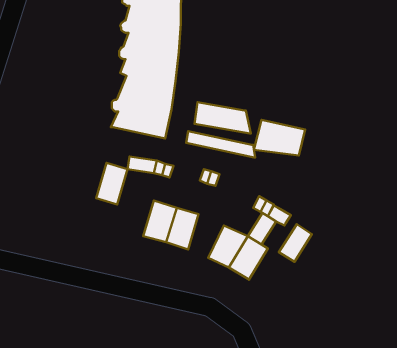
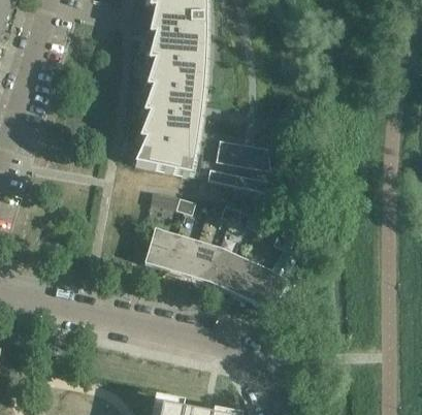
building: [254,120,305,156] -> none
building: [96,163,128,205] -> [144,228,175,269]
building: none -> [209,248,245,291]
building: [279,224,312,262] -> none

